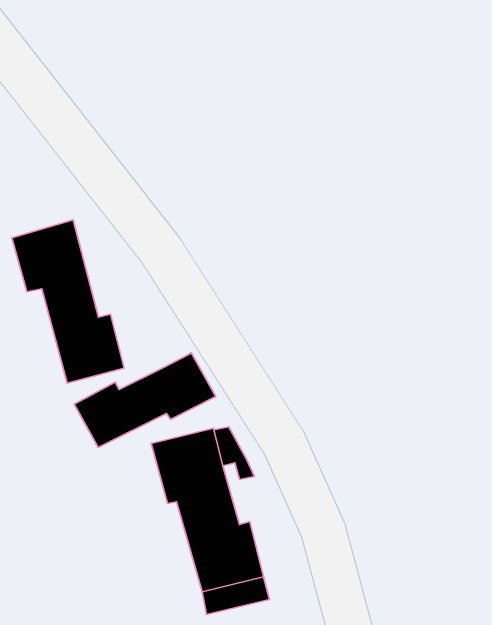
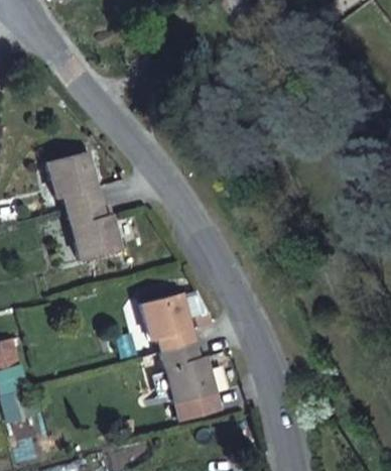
building: [74,353,216,447] -> none

